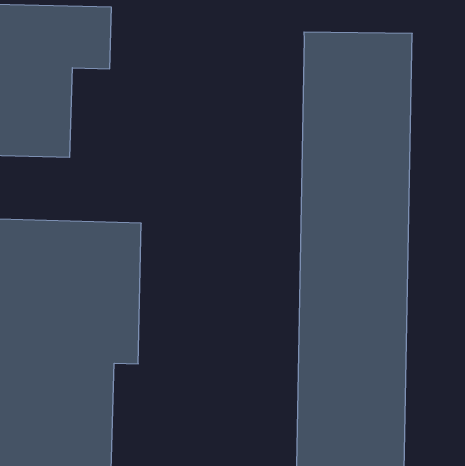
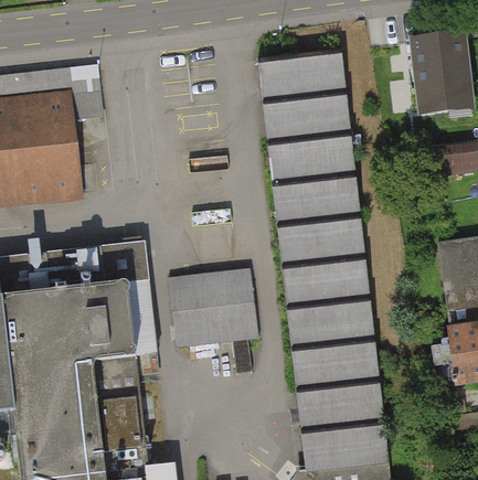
building: none -> [166,270,255,349]

